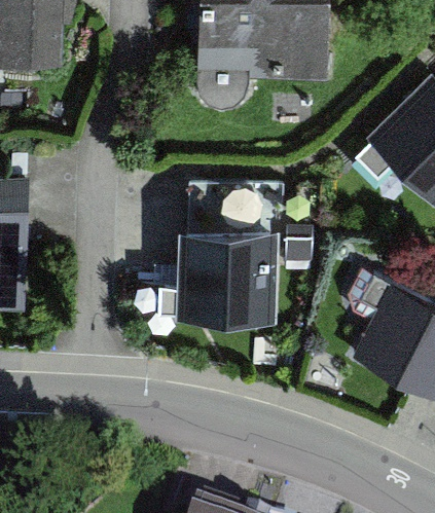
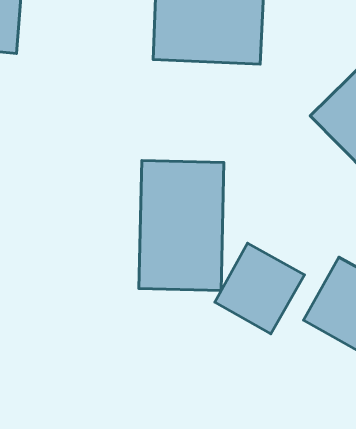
building: none -> [215,243,304,334]

